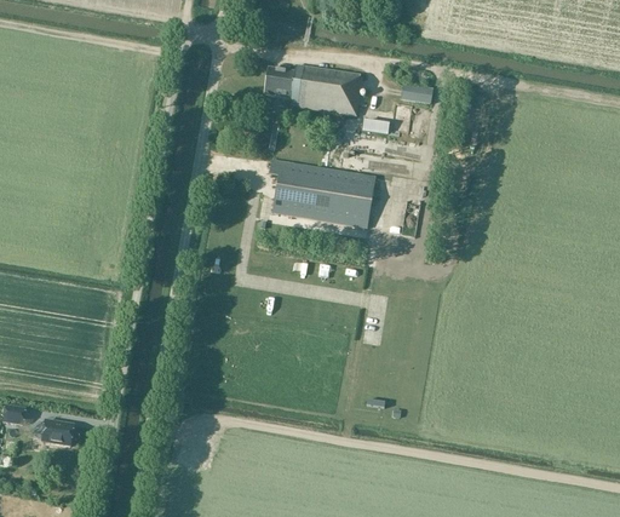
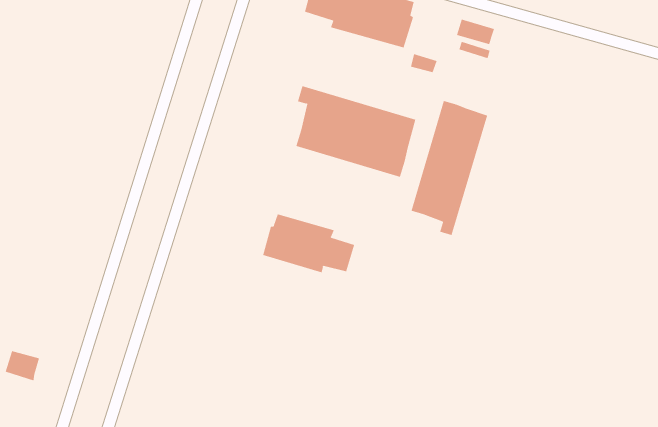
building: none -> [411,100,488,236]
building: none -> [263,213,355,273]

